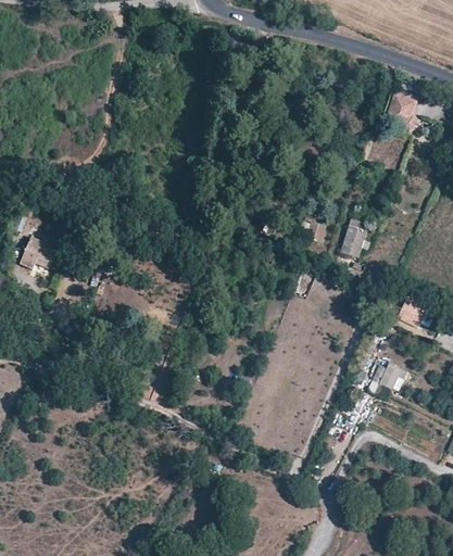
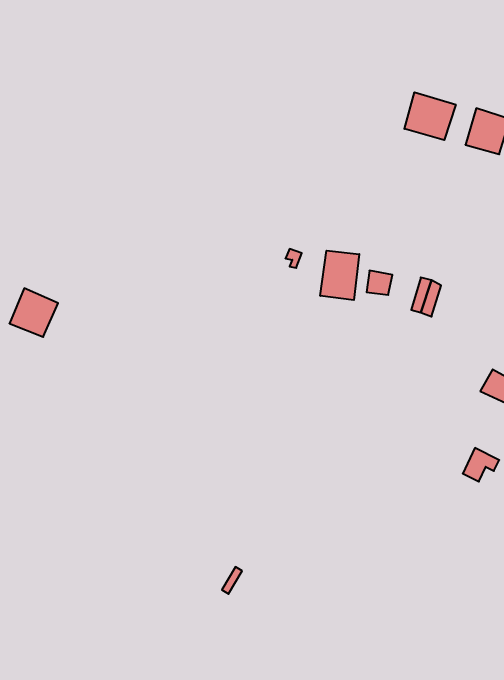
building: none -> [404,92,456,140]
building: none -> [320,251,359,300]

